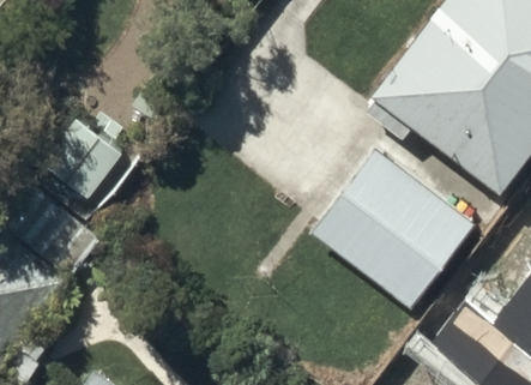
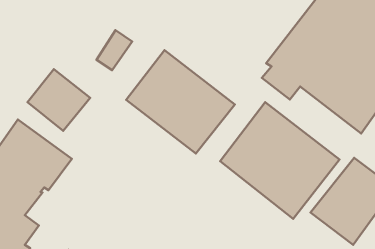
building: none -> [126,50,235,153]

